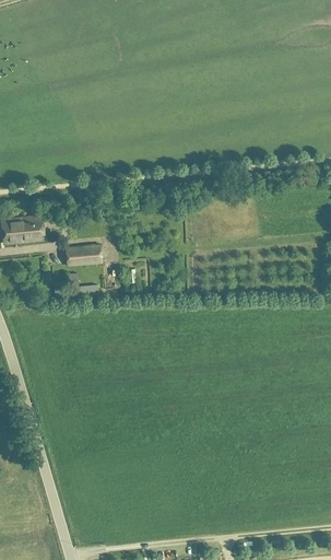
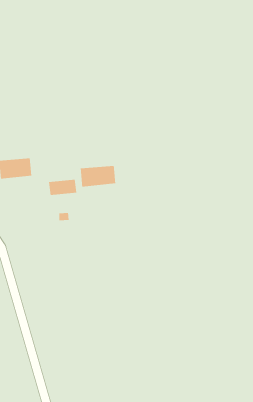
building: none -> [80,165,116,187]

